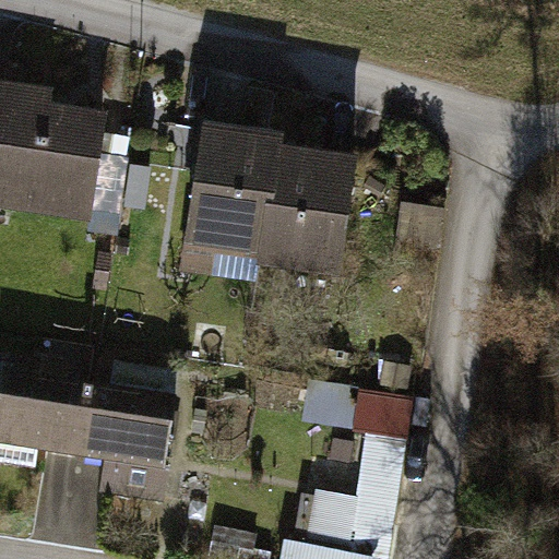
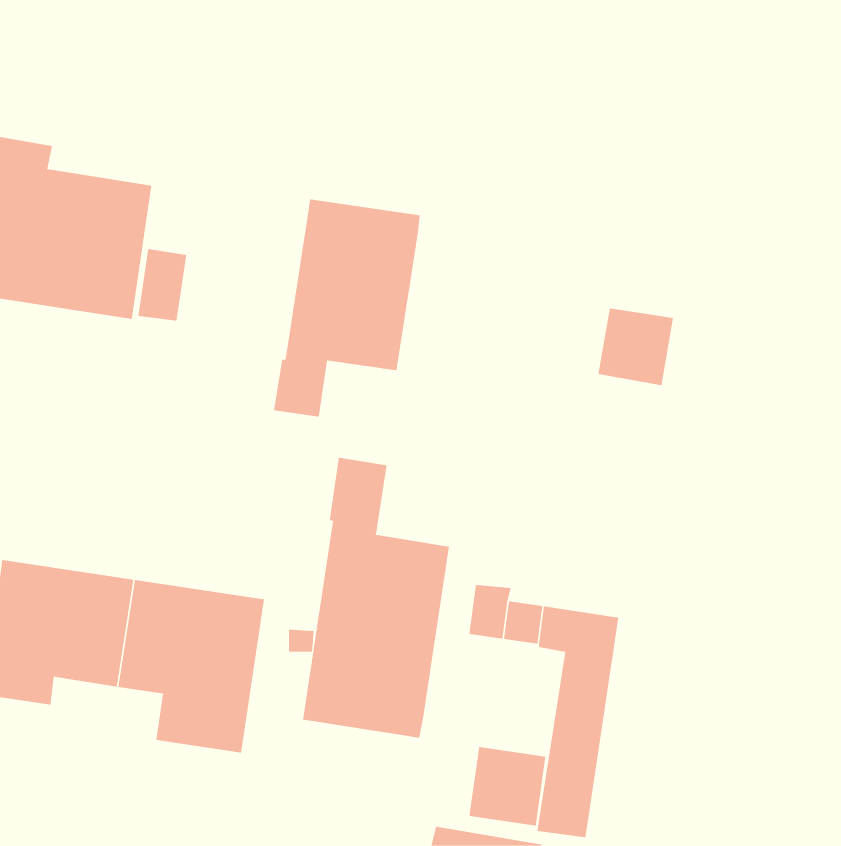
building: [261,153,352,267] -> none
building: none -> [303,457,450,739]

